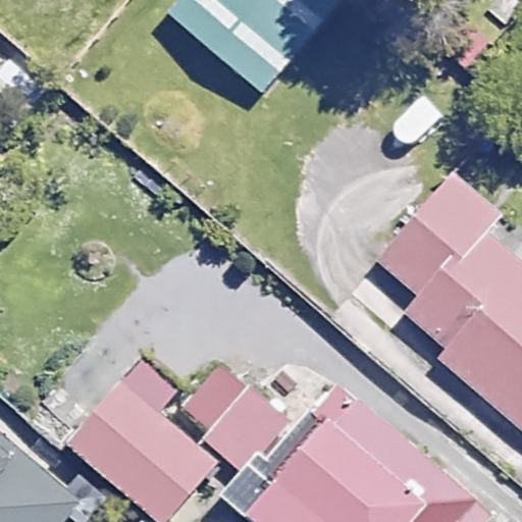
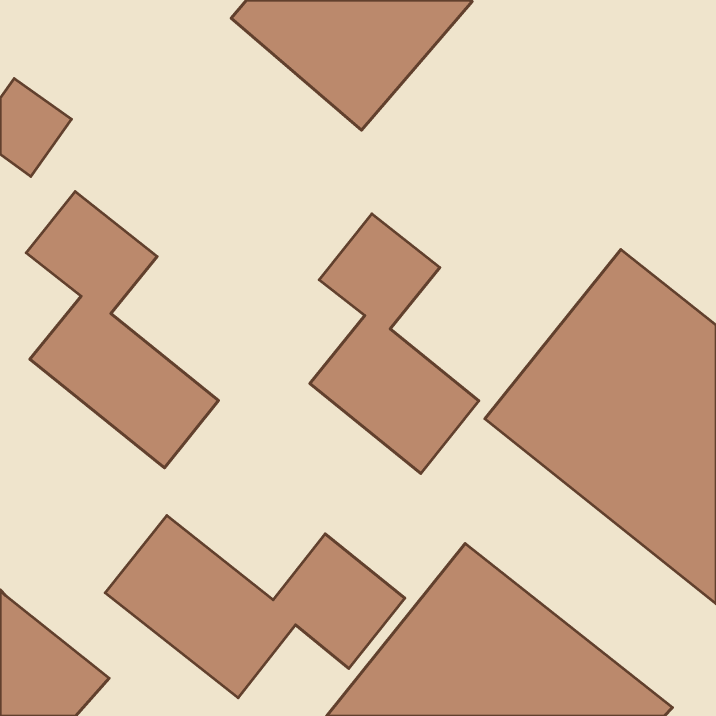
building: none -> [26,191,218,468]
building: none -> [310,214,479,474]

